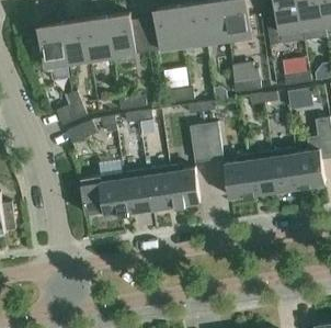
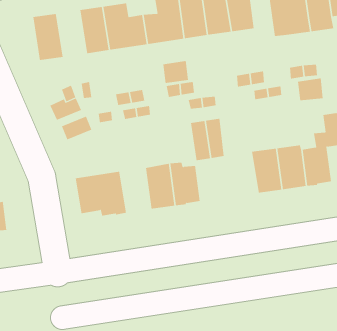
building: [62,21,91,66] -> none
building: [225,156,254,199] -> none
building: [123,171,152,214] -> none

